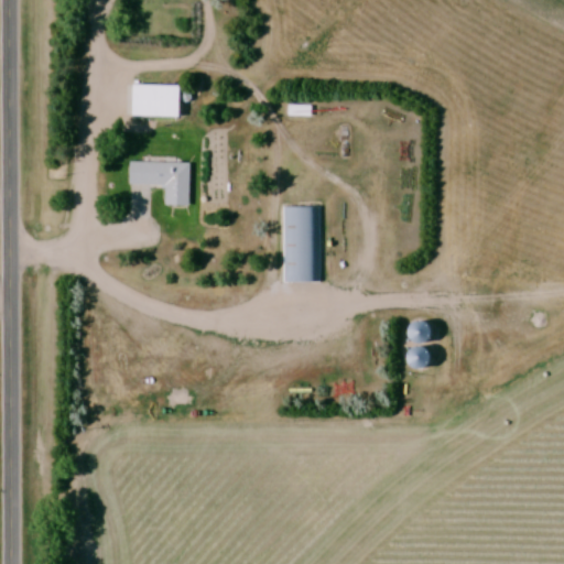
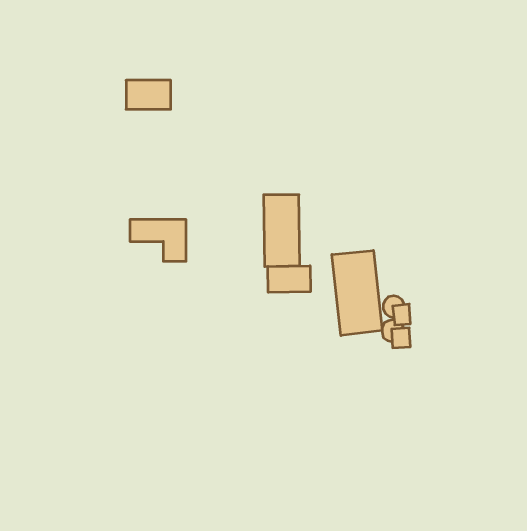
building: [129,161,188,205] -> [130,220,186,261]
building: none -> [332,250,382,336]
building: none -> [268,266,310,292]

